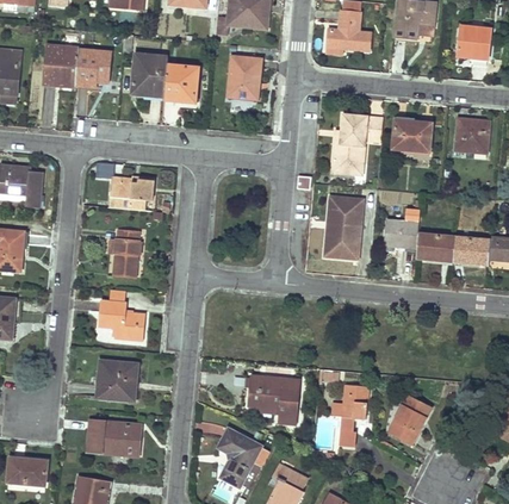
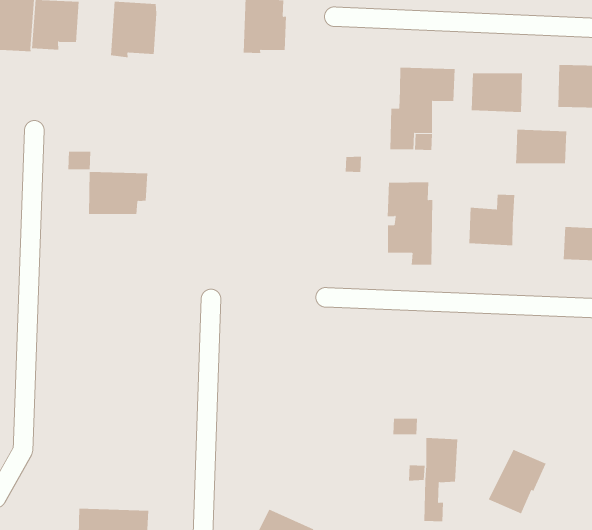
building: [165,64,199,101] -> none
building: [113,230,141,276] -> none
building: [416,232,455,260] -> [515,129,567,164]
building: [99,288,145,340] -> none
building: [97,360,137,400] -> none
building: [247,377,299,423] -> none

